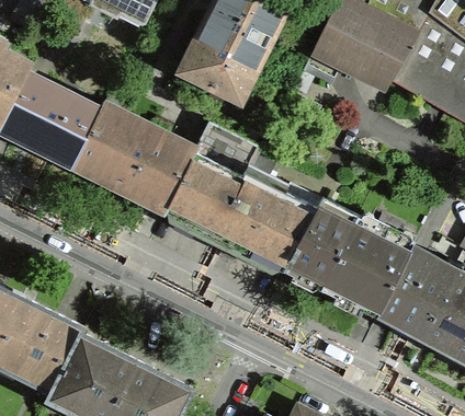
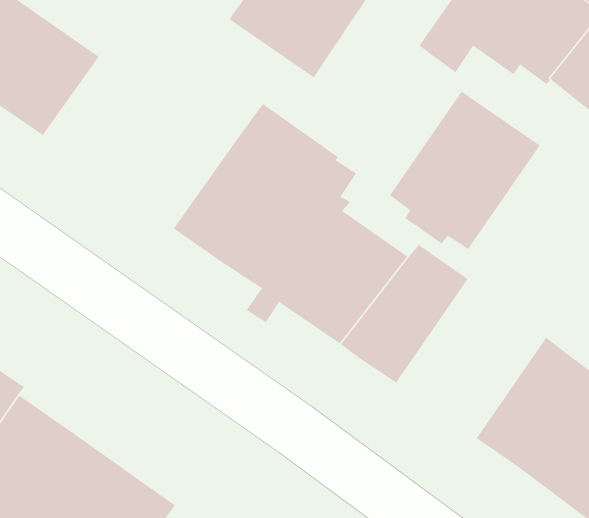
building: [70,104,194,212] -> none
building: [319,218,411,319] -> [389,91,541,250]

